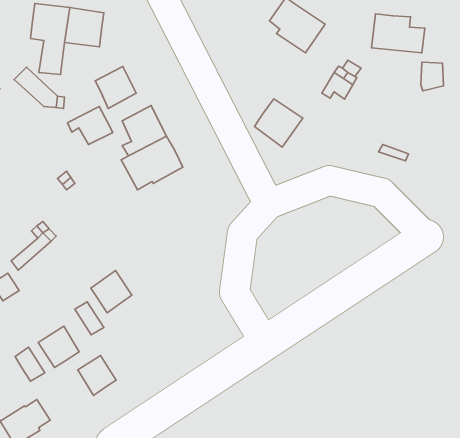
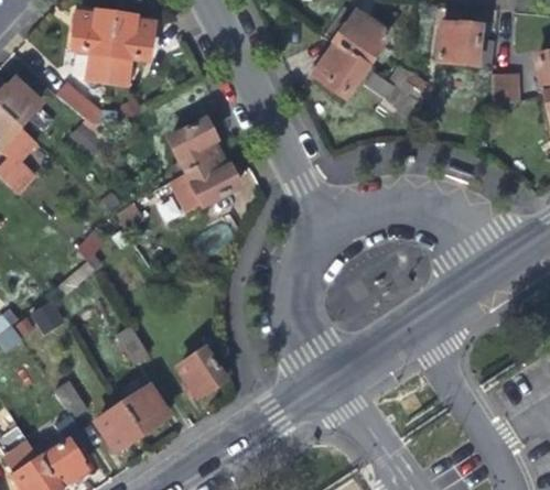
building: [95,67,136,108] -> none
building: [254,99,303,147] -> [315,43,367,95]
building: [68,107,113,144] -> none
building: [91,271,132,313] -> [179,348,223,393]
building: [38,326,79,367] -> [96,403,140,447]

